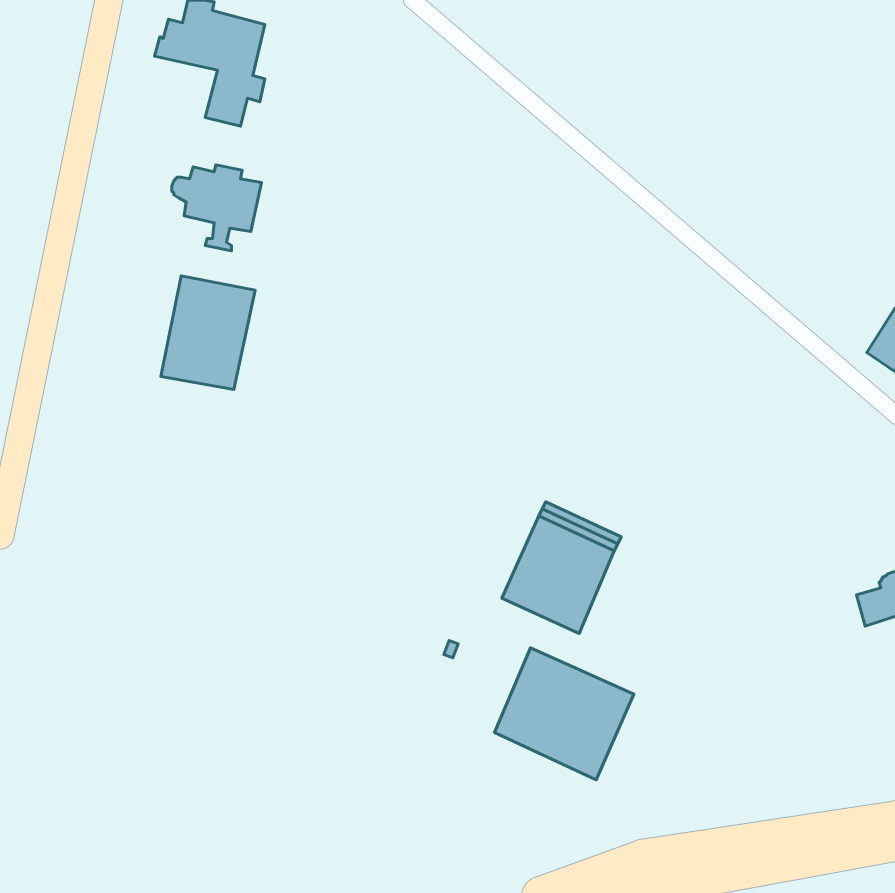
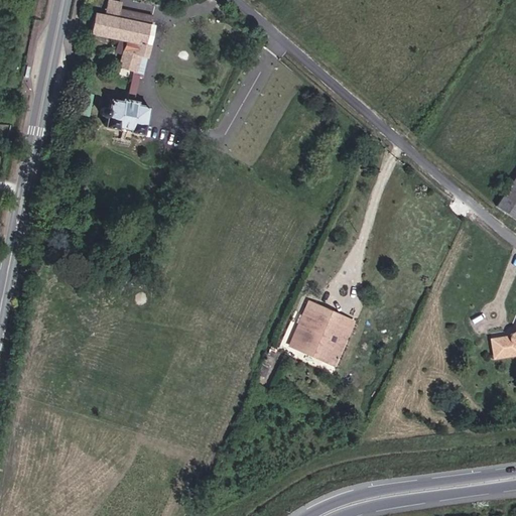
building: [161,276,255,390] -> none
building: [494,648,634,780] -> none

